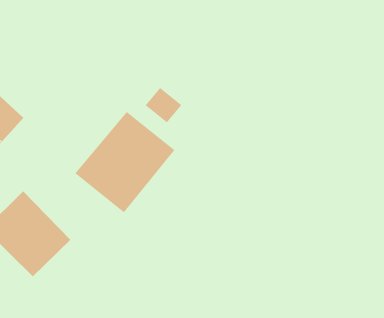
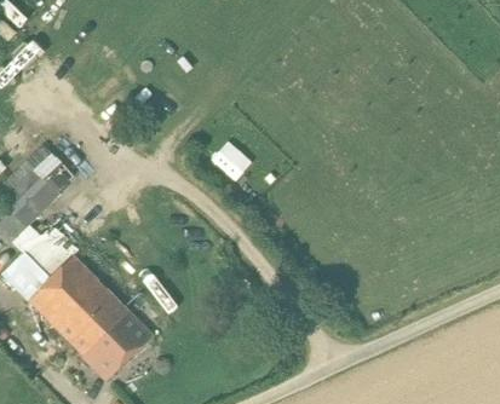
building: [74,111,175,213] -> none
building: none -> [84,312,153,380]

